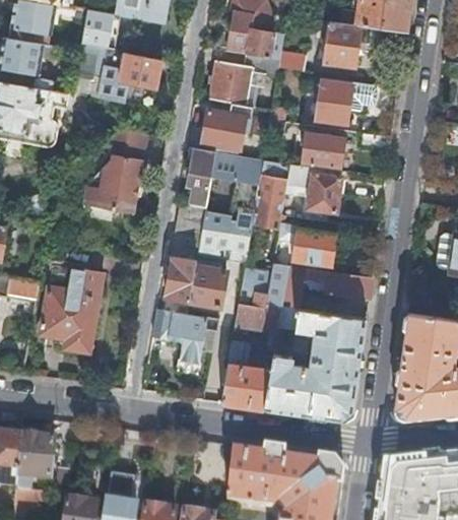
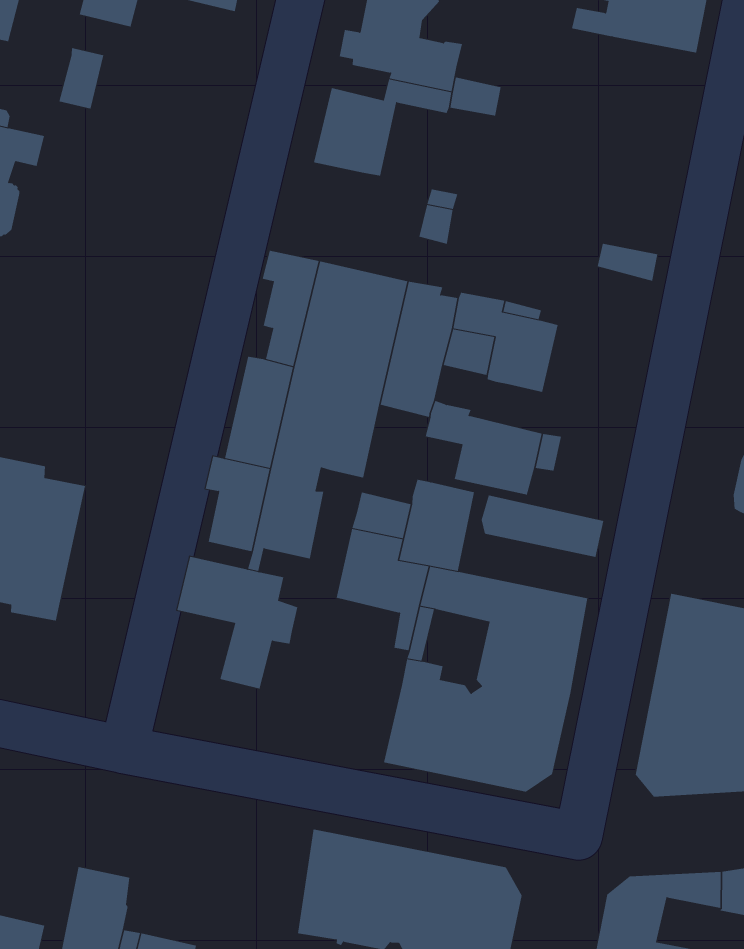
building: [324,21,362,68] -> none
building: [97,54,161,105] -> none
building: [316,78,378,126] -> none
building: [203,105,254,150] -> none
building: [84,131,147,212] -> none
building: [304,132,345,167] -> none
building: [221,343,271,410] -> none

